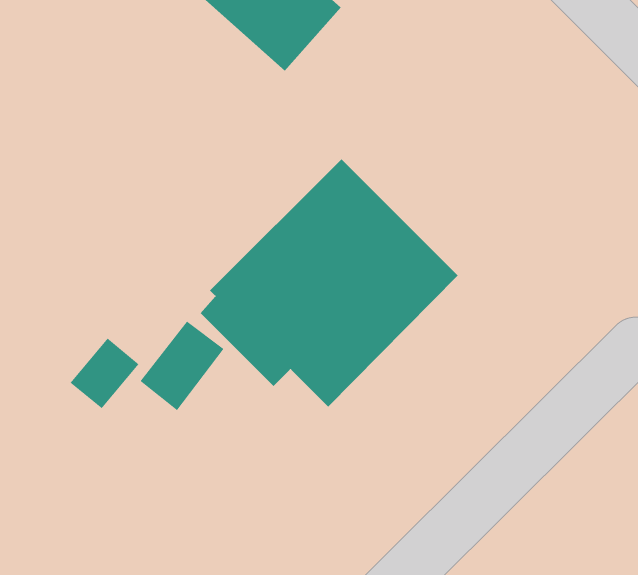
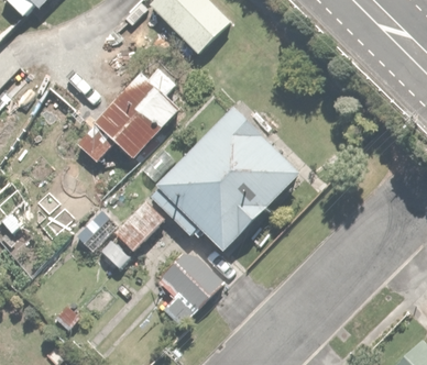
building: none -> [76,66,178,159]
building: none -> [156,251,221,327]

